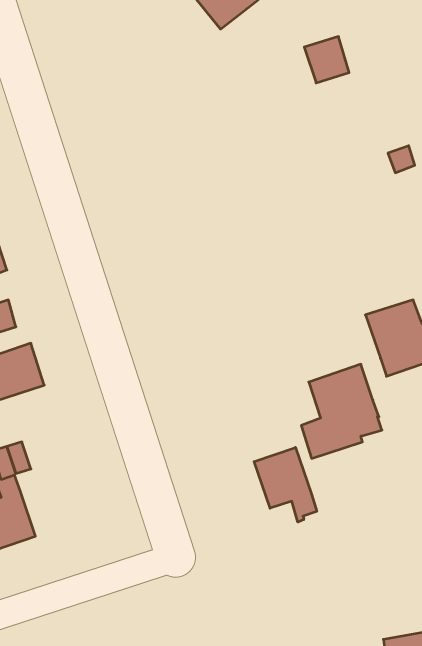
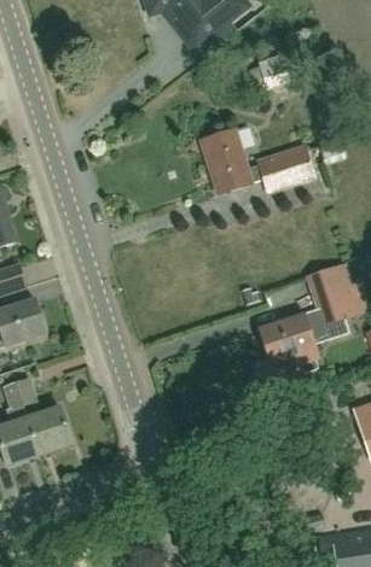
building: none -> [201,129,315,192]
building: [254,447,317,522] -> none
building: none -> [27,408,71,455]

